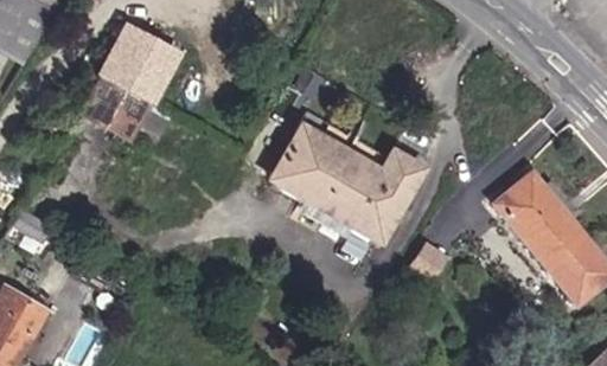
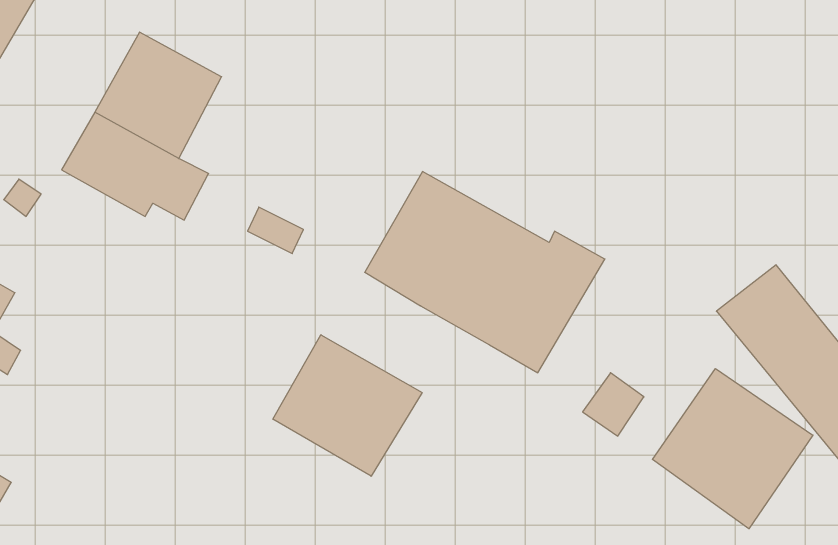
building: none -> [273,335,422,476]
building: none -> [652,369,813,529]

